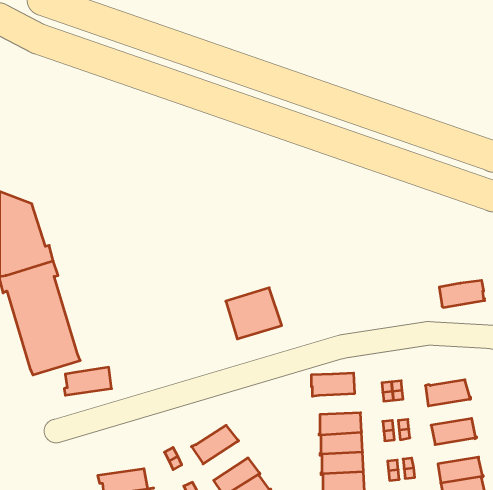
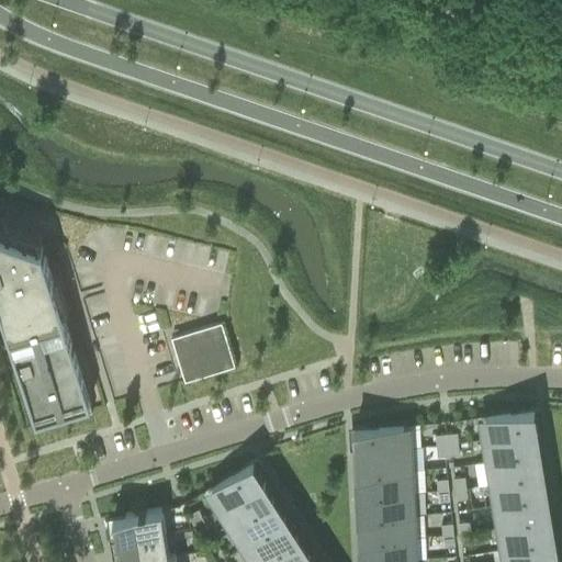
building: [439,280,485,307] -> [484,412,536,442]
building: [226,288,282,339] -> [170,326,234,384]
building: [64,367,112,395] -> [110,513,164,544]
building: none -> [361,450,409,476]
building: none -> [486,458,538,487]
building: none -> [210,463,263,509]
building: none -> [494,502,546,531]
building: none -> [231,506,283,550]

